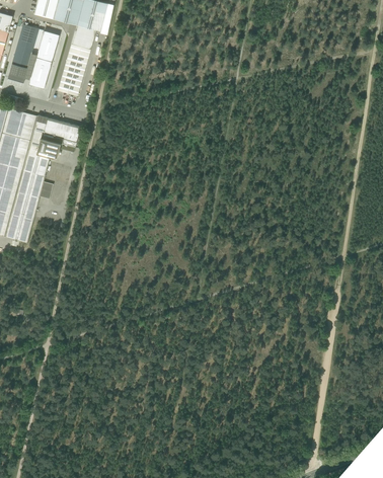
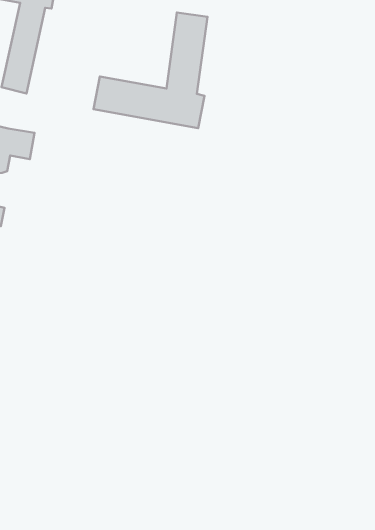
building: none -> [94,12,207,128]

